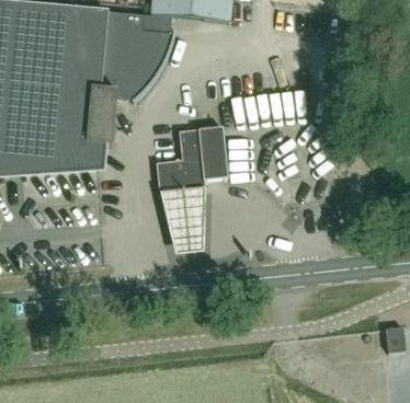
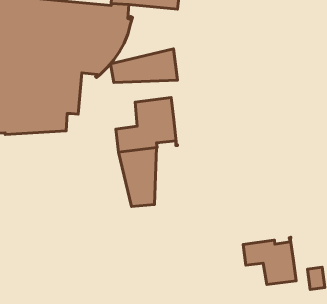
building: none -> [111,49,177,83]
building: none -> [243,237,296,285]

